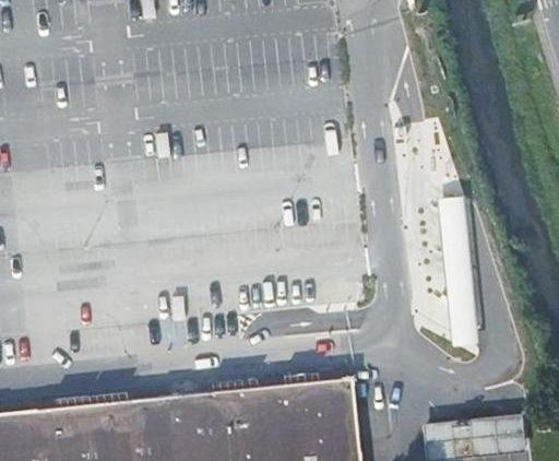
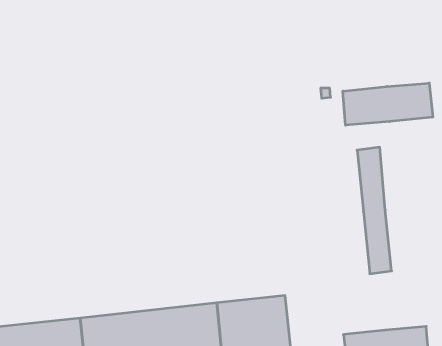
building: none -> [343,83,433,125]

